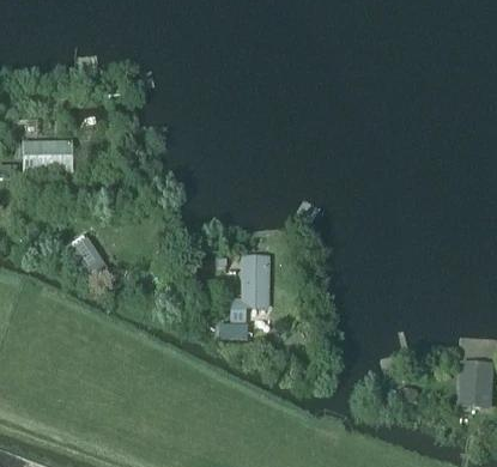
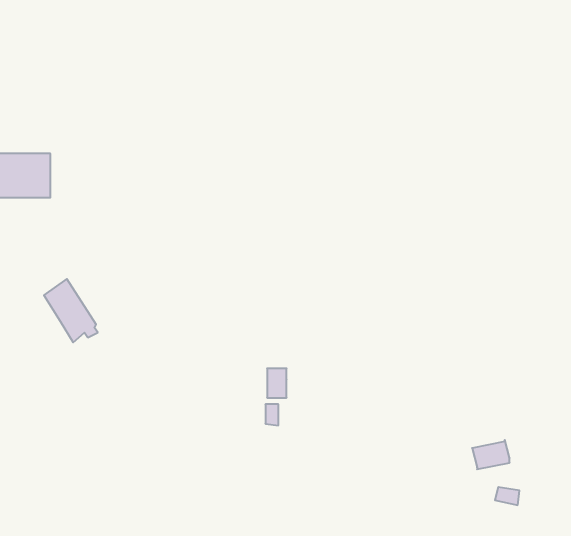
building: [244,254,267,290] -> none

